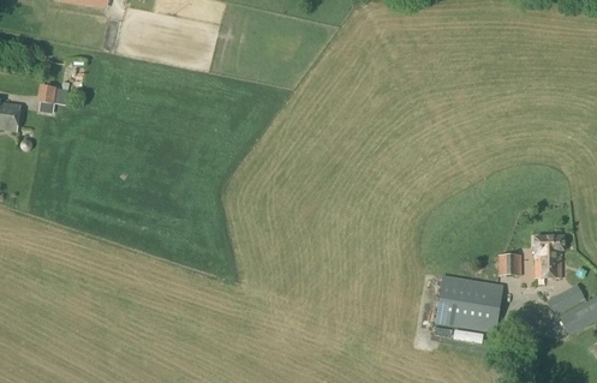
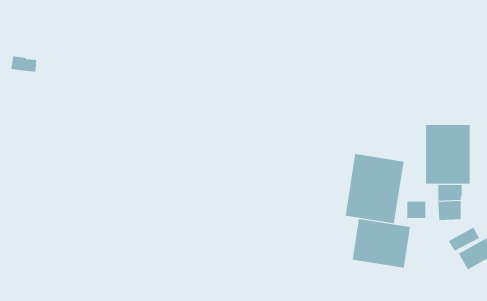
building: none -> [425,124,470,185]
building: none -> [345,153,404,224]

